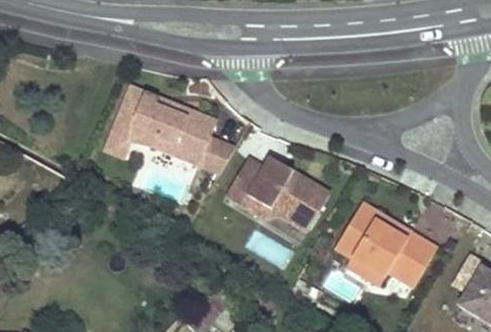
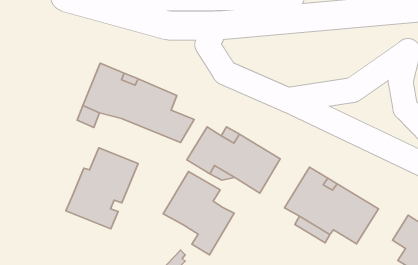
building: none -> [66,148,138,229]
building: none -> [163,172,234,255]

